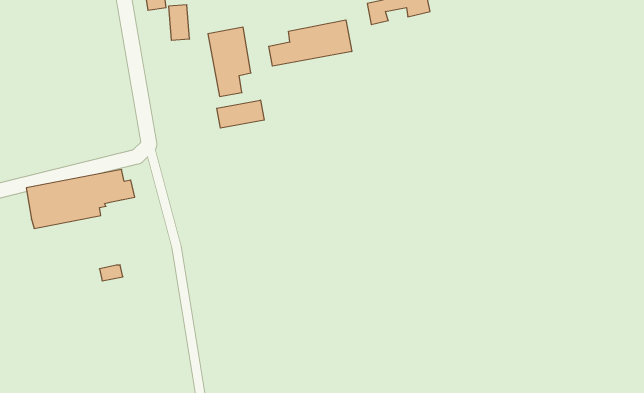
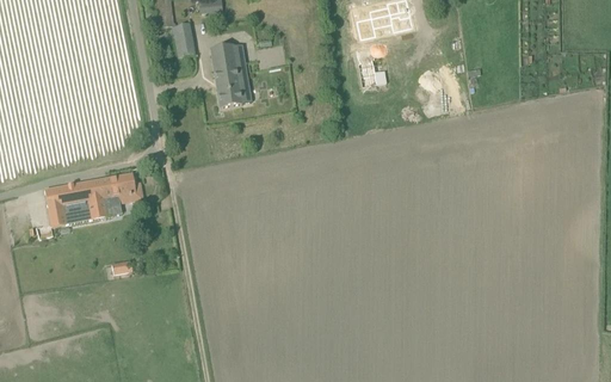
building: [269,20,352,66] -> none
building: [217,100,264,128] -> none

